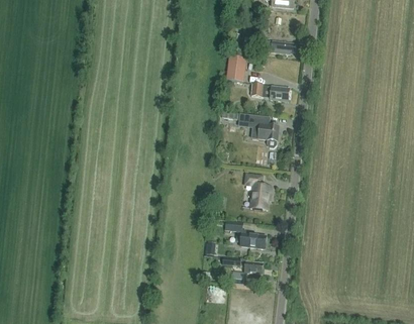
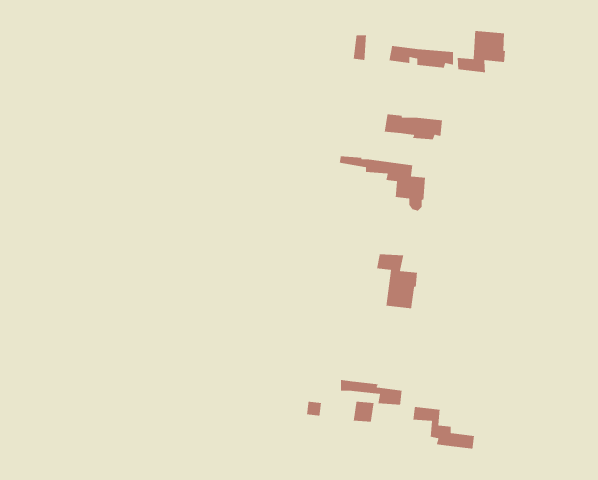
building: none -> [457,30,506,73]
building: [226,57,246,83] -> none
building: [225,221,266,249] -> [413,406,475,450]

